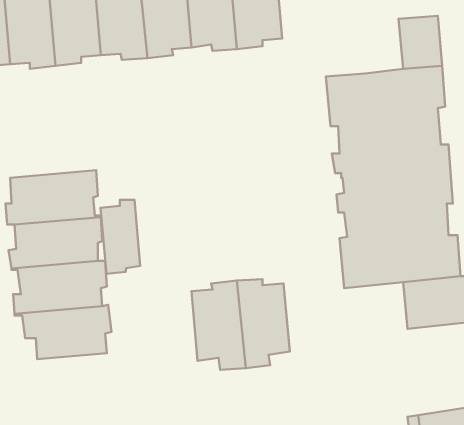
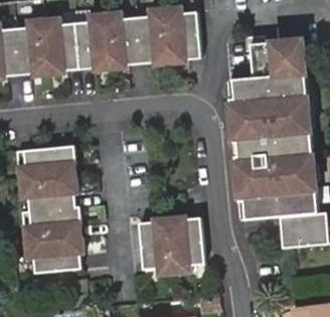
building: none -> [252,43,280,80]
building: [101,200,140,274] -> none

